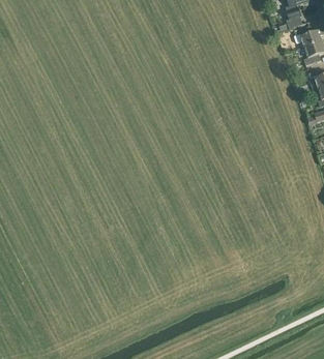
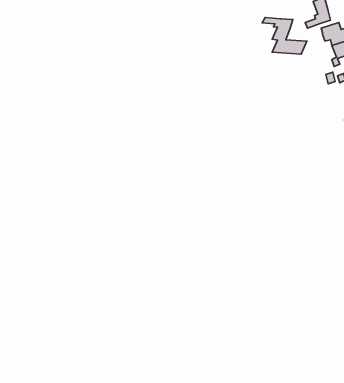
building: none -> [262,17,307,54]

